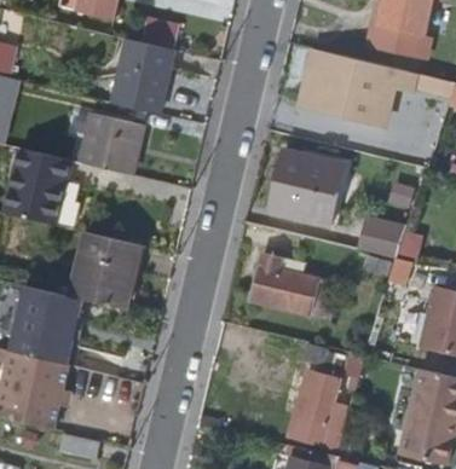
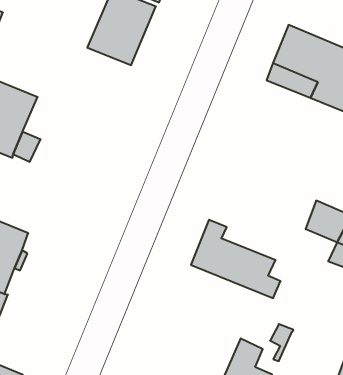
building: [79,112,139,172] -> none
building: [267,149,340,224] -> none
building: [70,232,139,307] -> none

